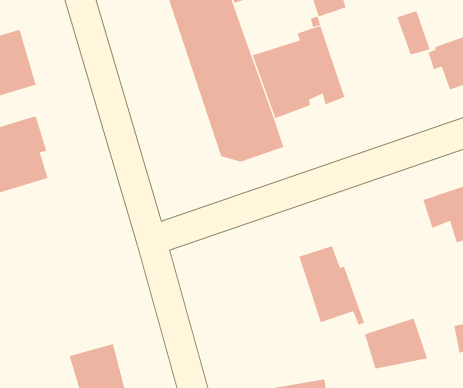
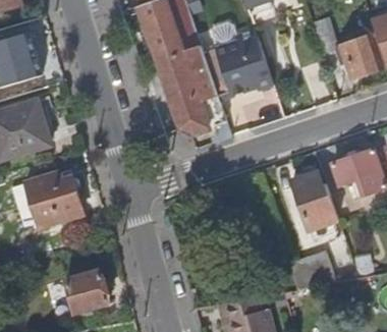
building: none -> [24,172,82,228]
building: [299,246,365,326] -> [291,173,341,233]

